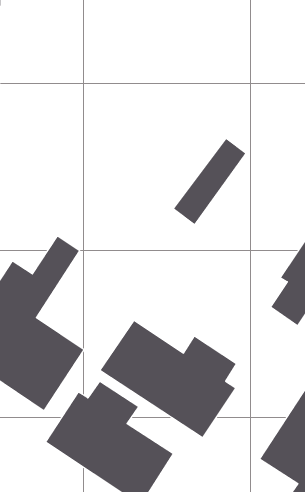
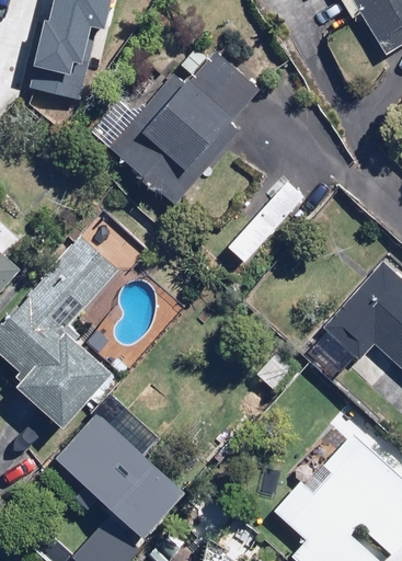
building: none -> [115,45,260,201]
building: [100,320,236,438] -> none

